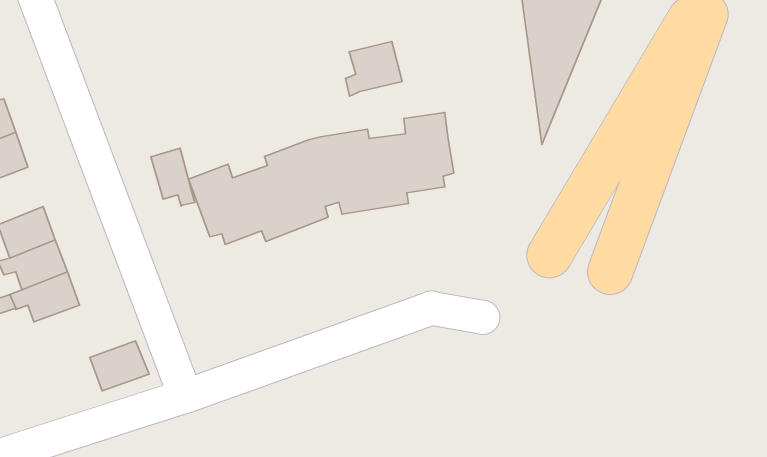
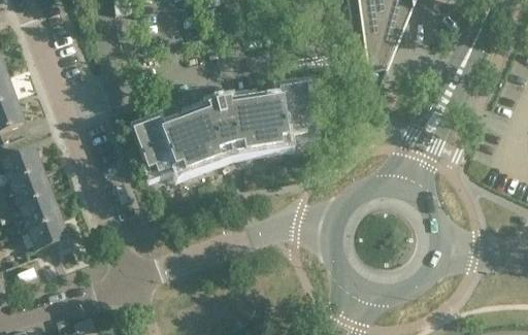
building: [346,42,402,96] -> none
building: [151,148,195,206] -> none
building: [90,341,149,391] -> [27,213,67,247]

